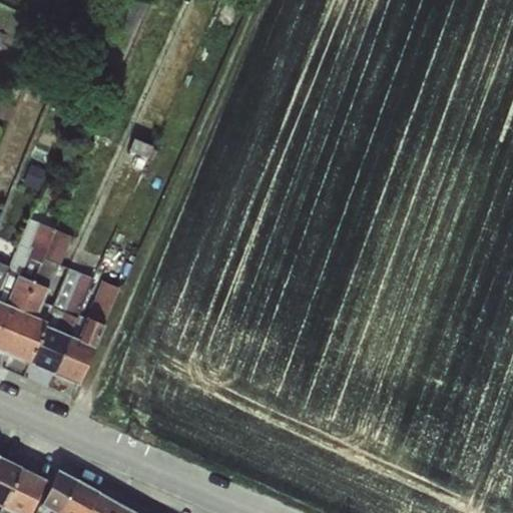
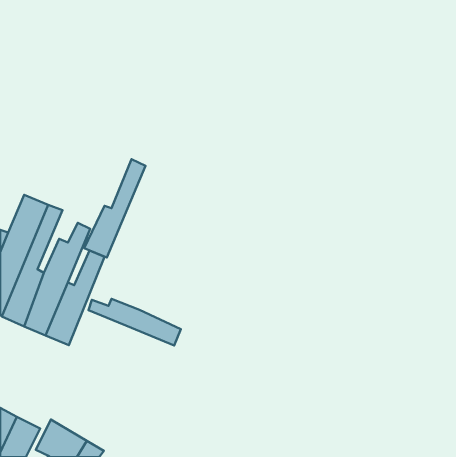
building: none -> [84,159,145,257]
building: none -> [89,299,181,345]

